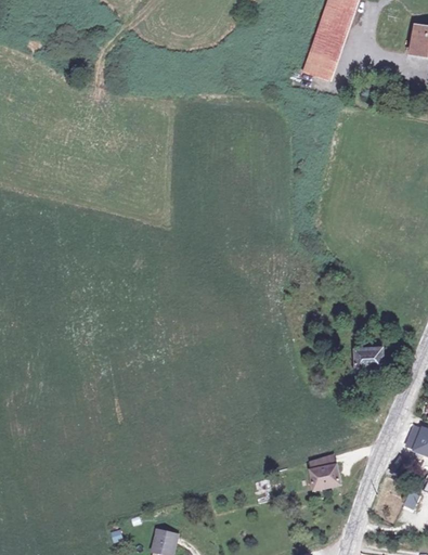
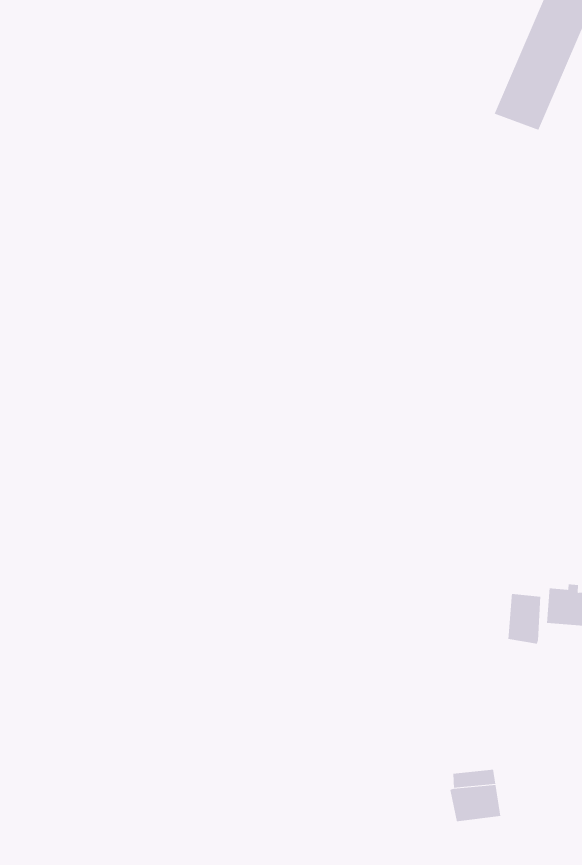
building: none -> [508,593,541,645]

